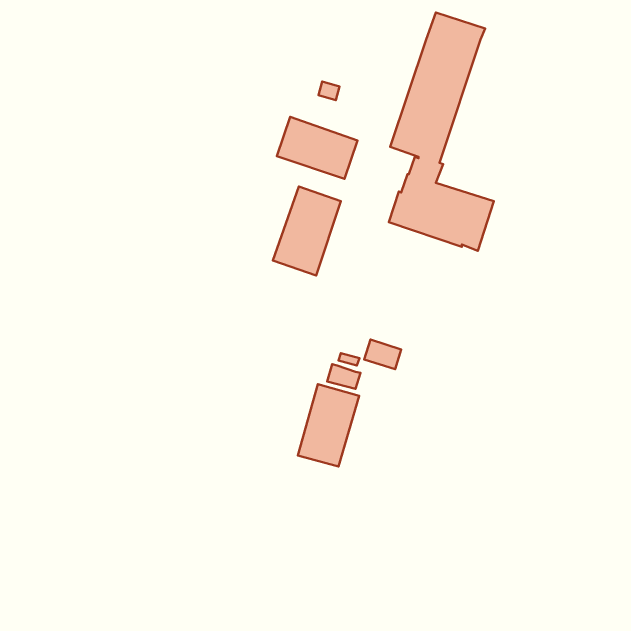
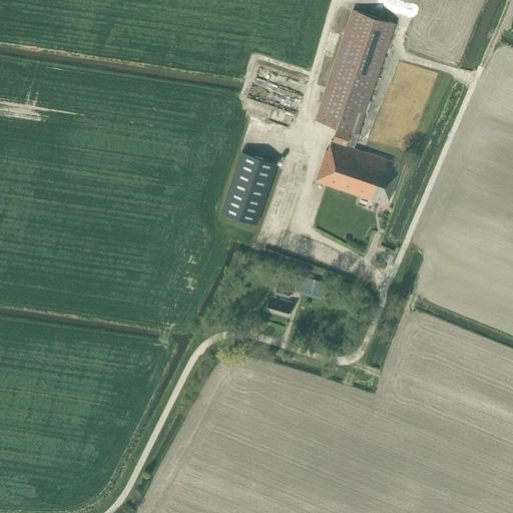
building: [277,117,357,179] -> none
building: [298,384,359,467] -> none

